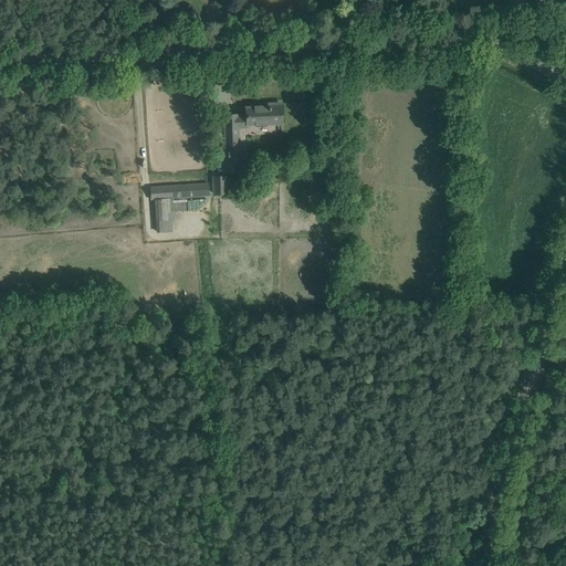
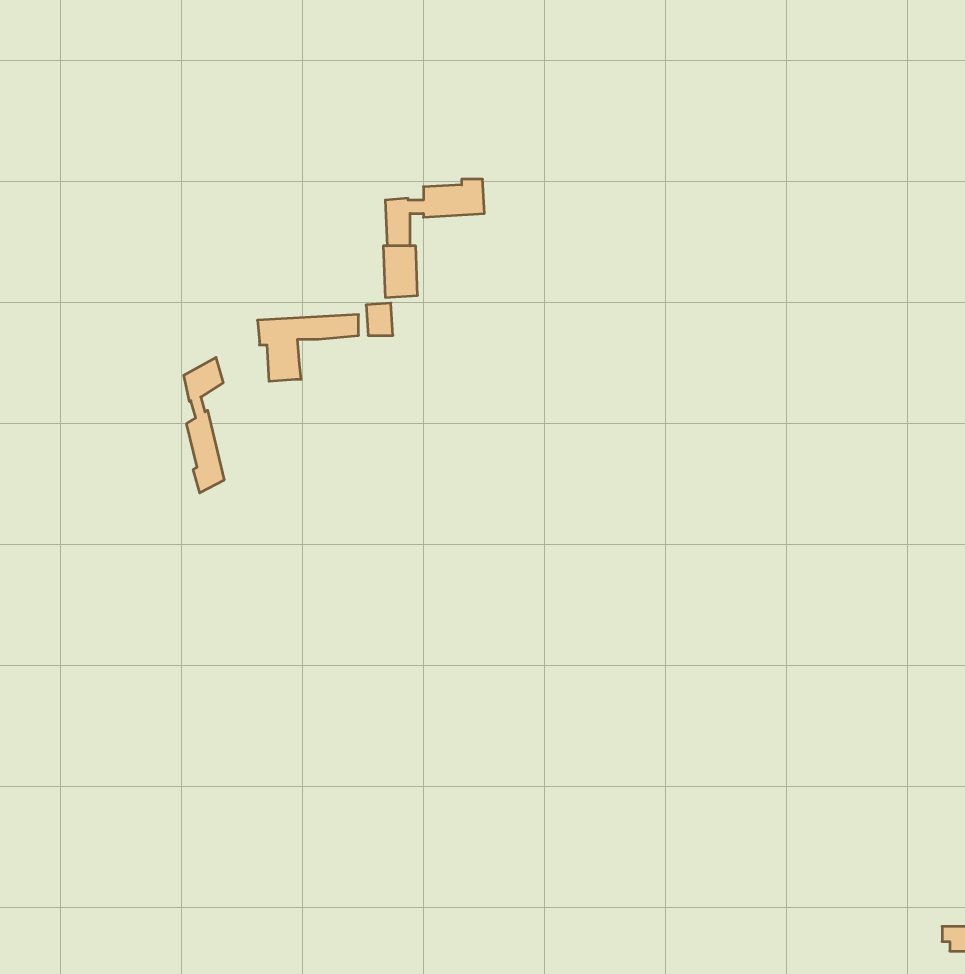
building: none -> [184,357,224,493]

